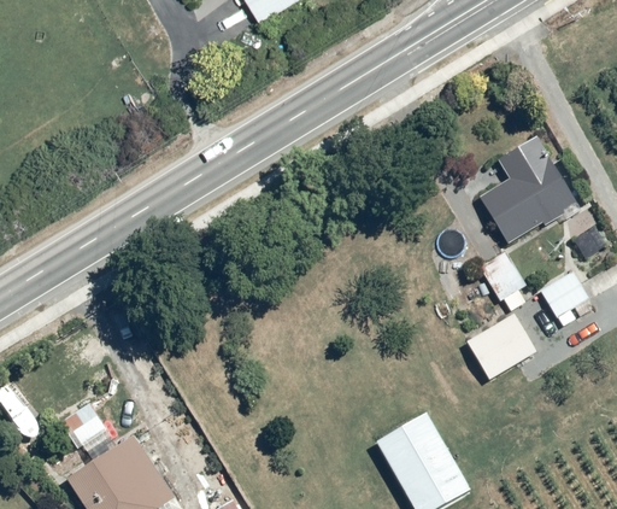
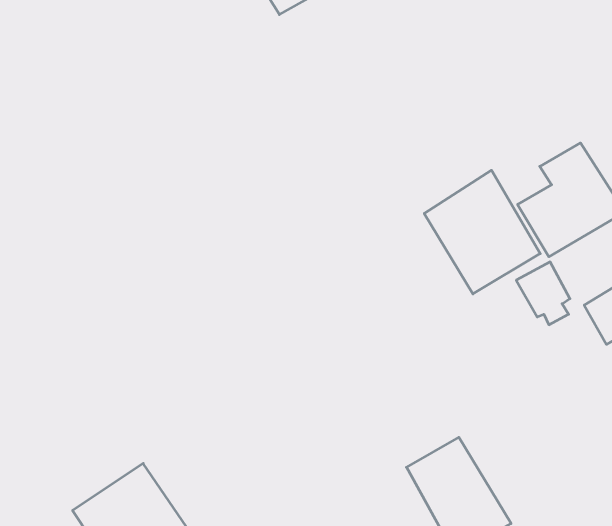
building: none -> [424,170,540,294]
building: [465,314,537,379] -> none

